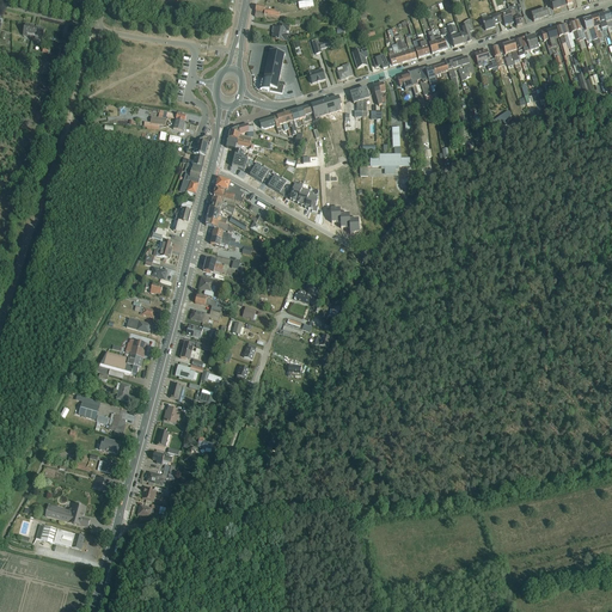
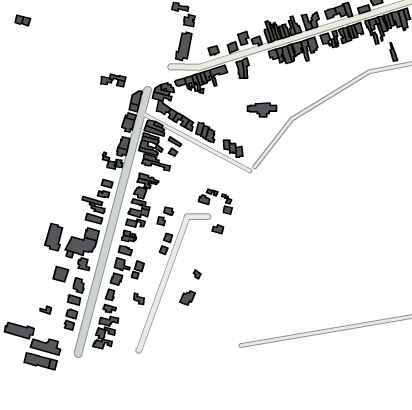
building: none -> [45,224,62,251]
building: none -> [4,323,34,339]

